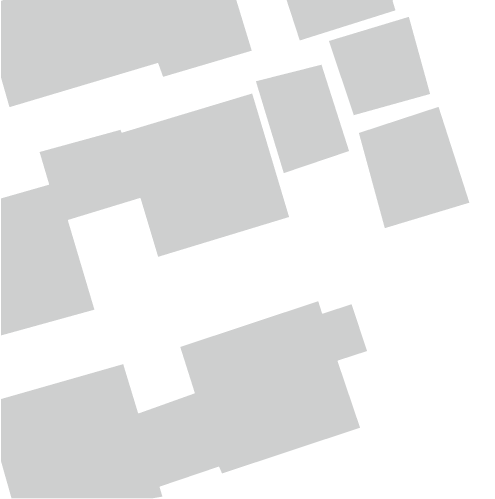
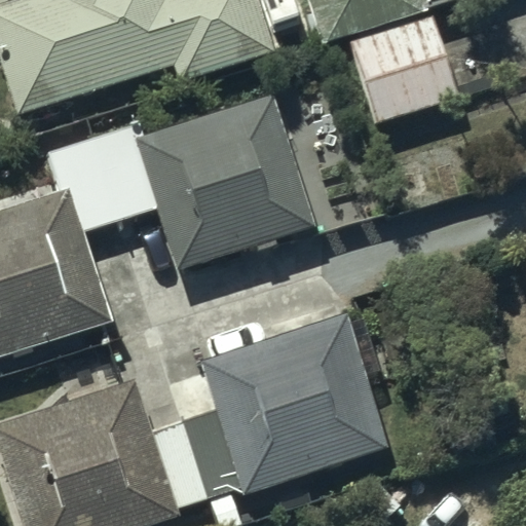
building: [255,64,350,174] -> none
building: [358,106,471,229] -> none

